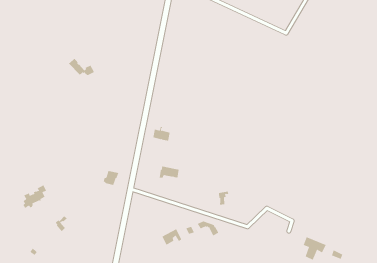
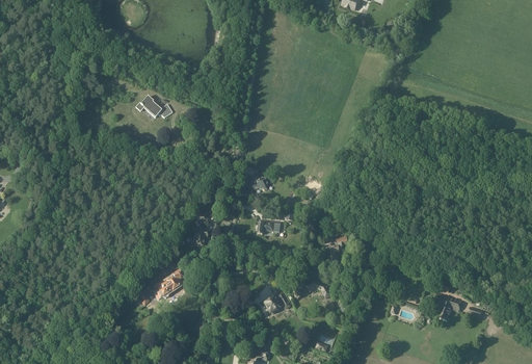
building: [22,185,47,209] -> [156,269,184,300]

